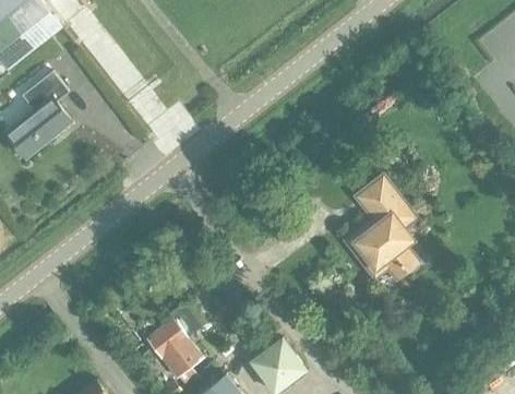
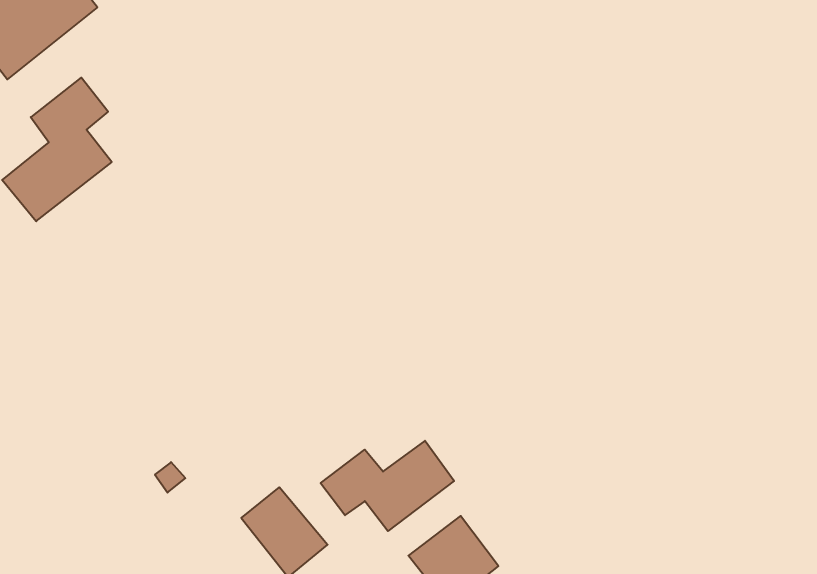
building: [346,176,416,276] -> none
building: none -> [321,441,454,531]

